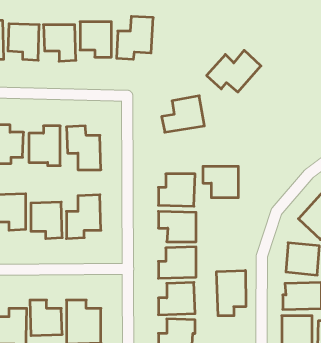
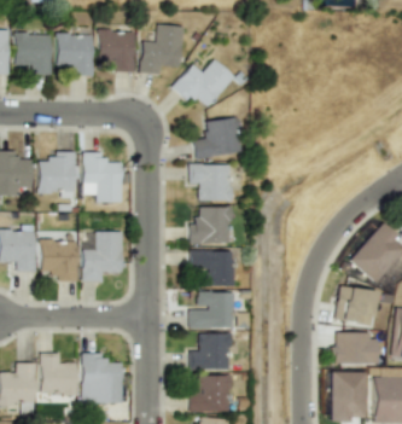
building: [207,50,261,92] -> [173,59,235,108]
building: [203,166,238,198] -> [190,165,231,202]
building: [217,270,246,316] -> none

